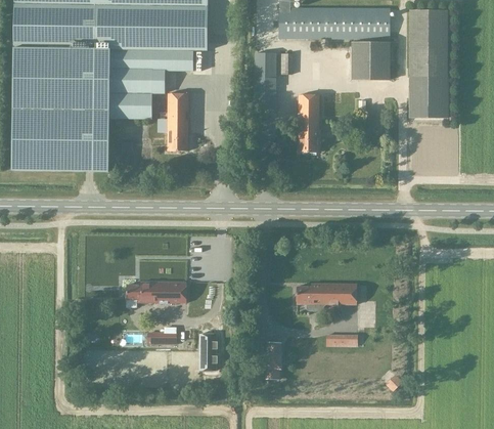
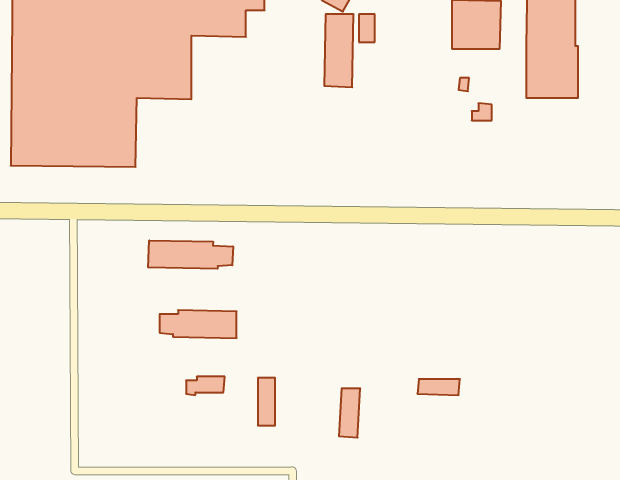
building: [168,92,188,149] -> none
building: [298,94,319,152] -> none
building: none -> [148,240,233,269]
building: [297,283,356,309] -> none

